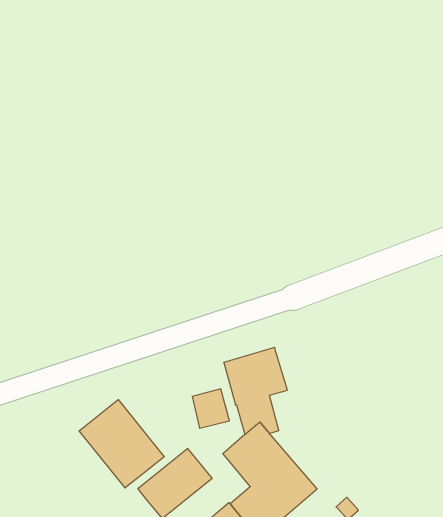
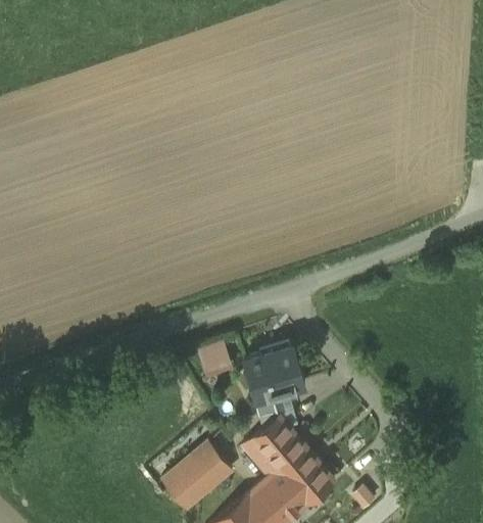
building: [192,389,229,428] -> [195,339,231,377]
building: [79,400,164,488] -> none

